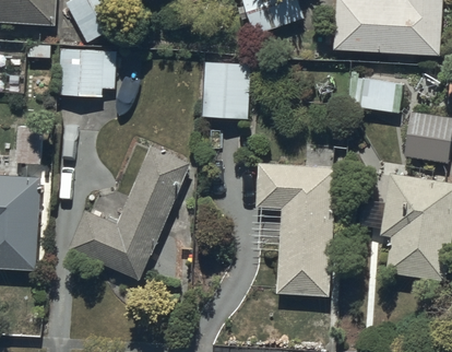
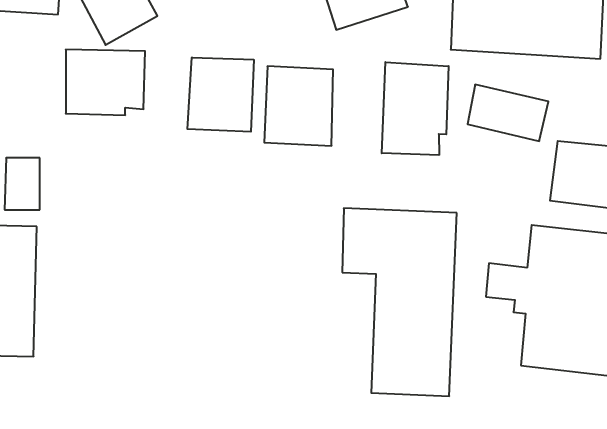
building: none -> [187,57,254,132]
building: none -> [382,62,449,155]
building: [67,146,191,281] -> none

